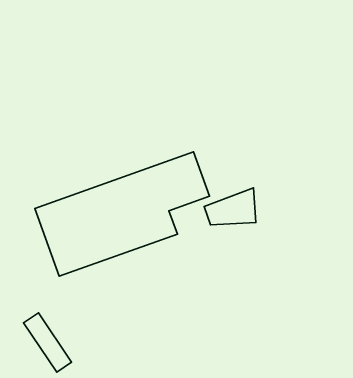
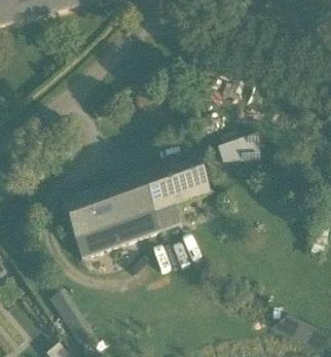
building: [204,188,256,225] -> [217,130,260,160]

